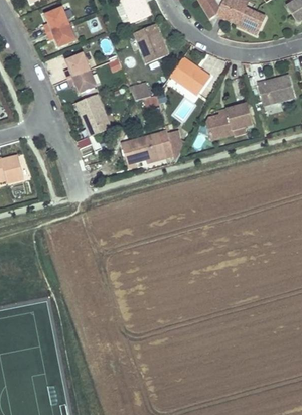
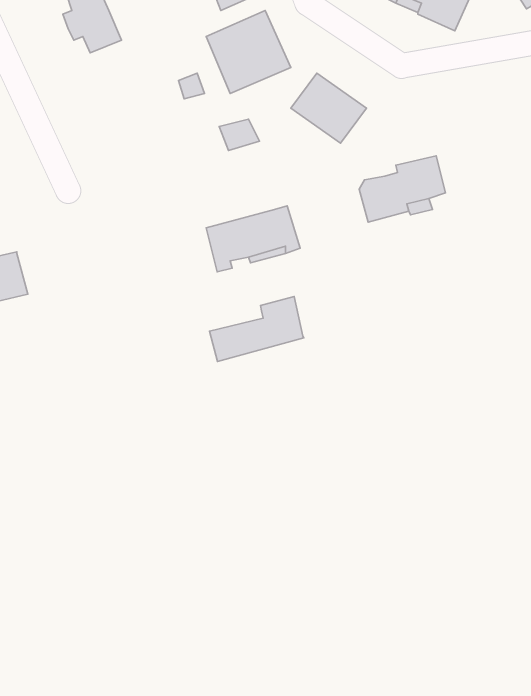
building: [64,53,96,93] -> none
building: [258,74,295,105] -> none
building: [77,93,111,135] -> none
building: none -> [209,296,304,361]

